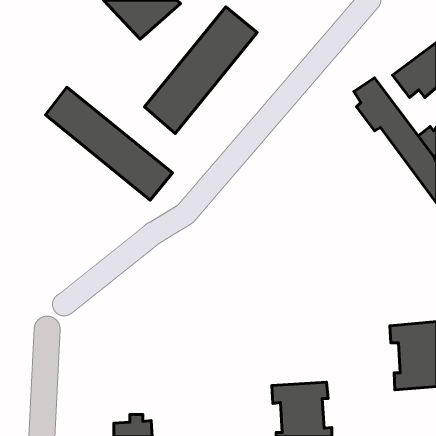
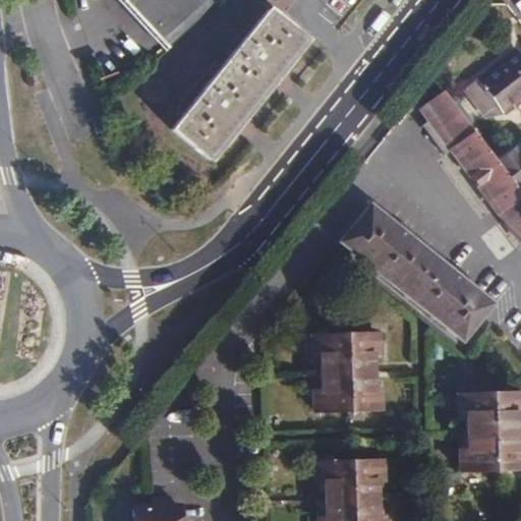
building: [46,87,172,200] -> none
building: none -> [344,205,493,342]
building: none -> [312,328,385,409]

